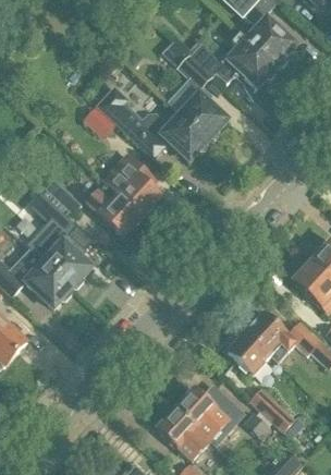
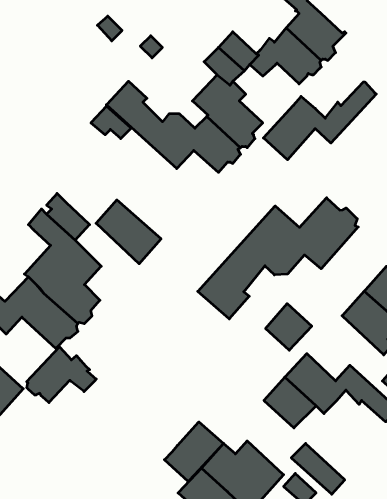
building: none -> [263,82,376,160]
building: [101,153,161,216] -> none
building: none -> [198,198,358,319]
building: none -> [266,304,312,350]
building: none -> [27,347,96,403]
building: none -> [164,422,224,481]

